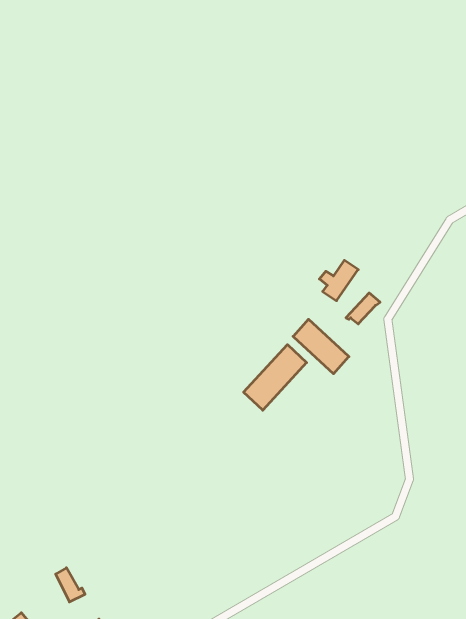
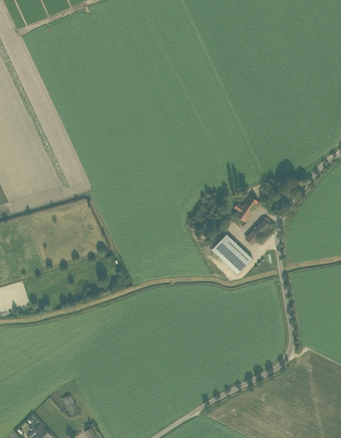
building: [244,345,307,410] -> none

